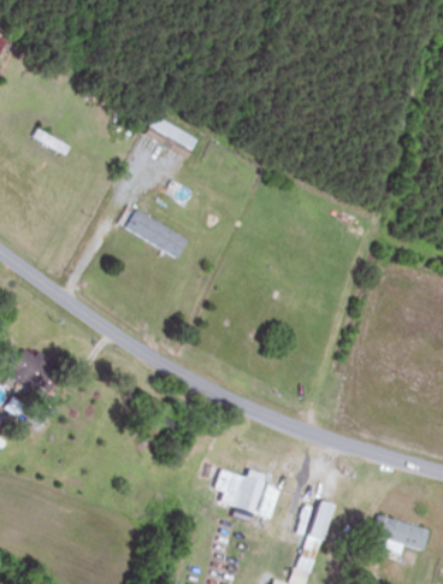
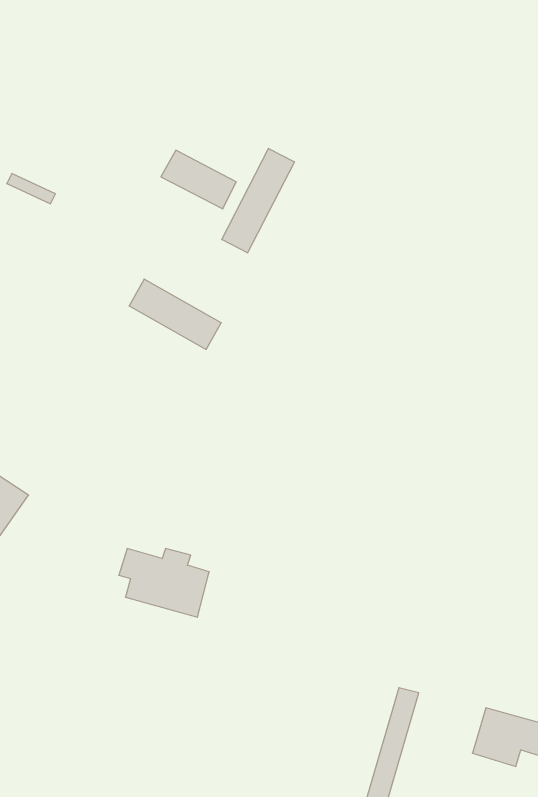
building: none -> [222,148,294,253]
building: [213,470,278,519] -> [119,549,209,617]

